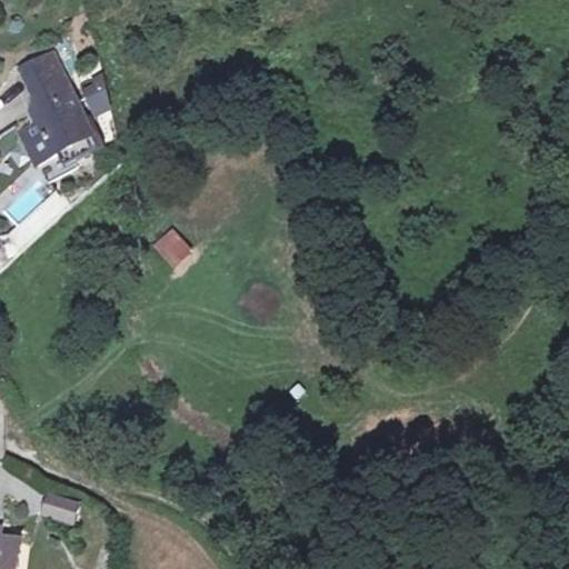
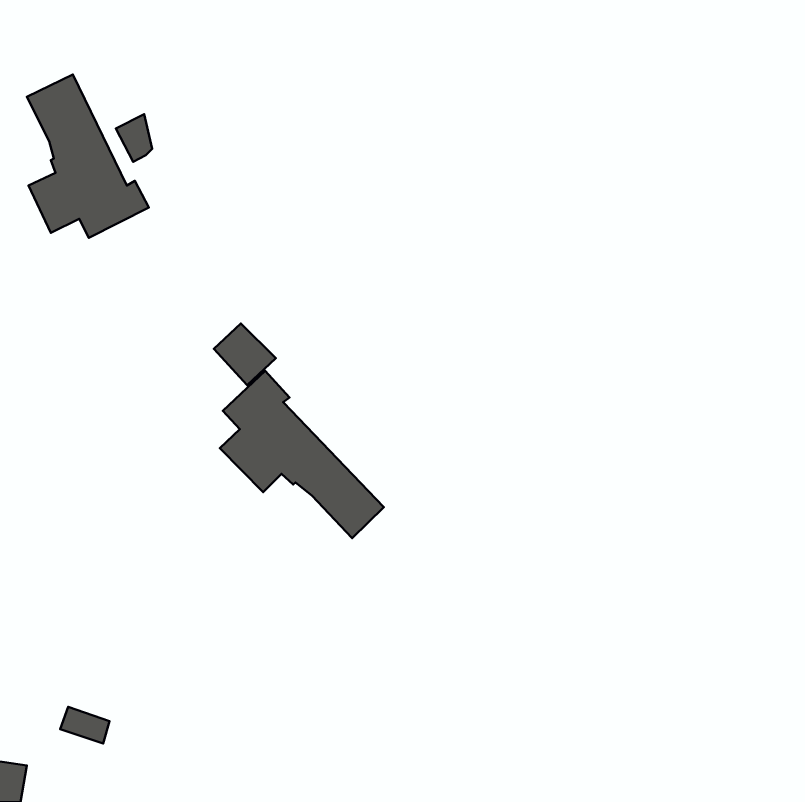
building: none -> [220,371,384,538]

